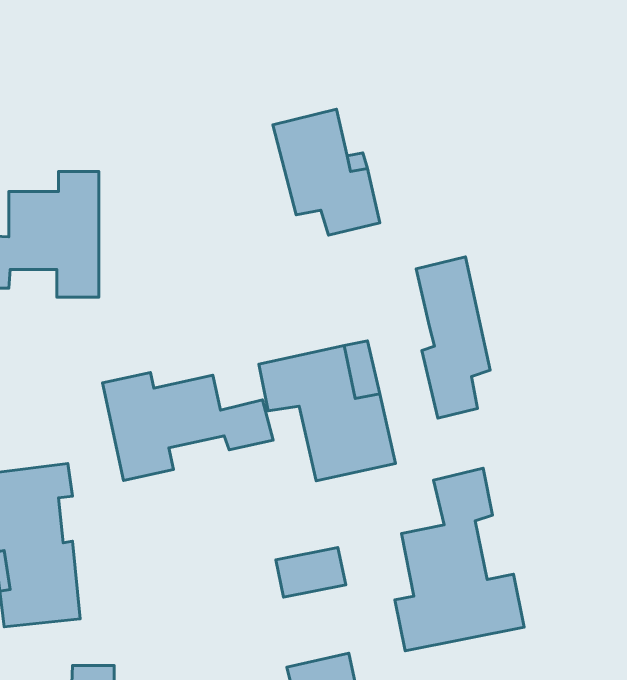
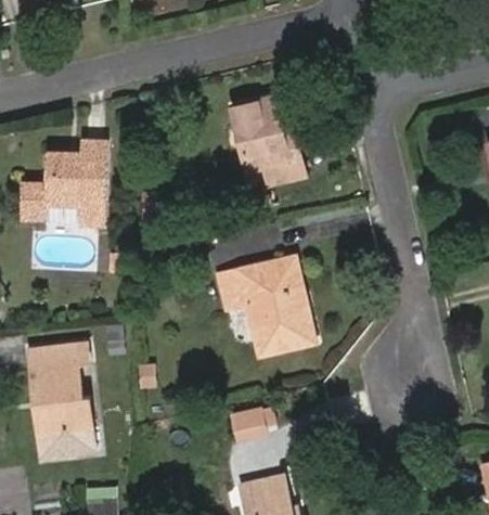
building: [416,257,490,418] -> none
building: [102,373,273,480] -> none
building: [395,468,524,651] -> none

